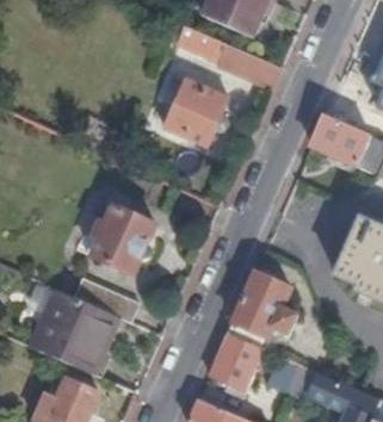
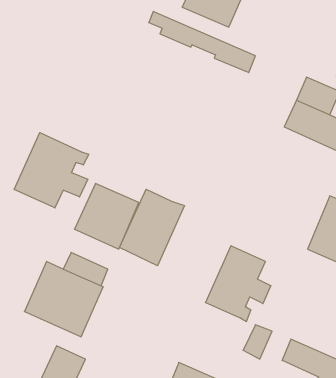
building: [163,81,227,148] -> none
building: none -> [14,133,89,208]
building: none -> [119,189,184,266]
building: [208,334,264,398] -> none

